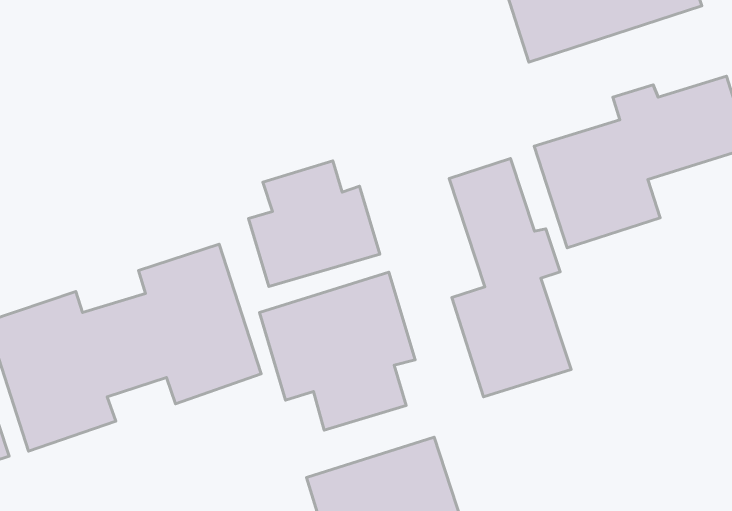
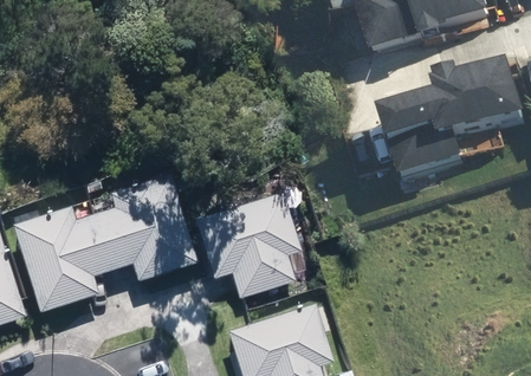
building: [449,158,571,397] -> none
building: [248,161,380,287] -> none

